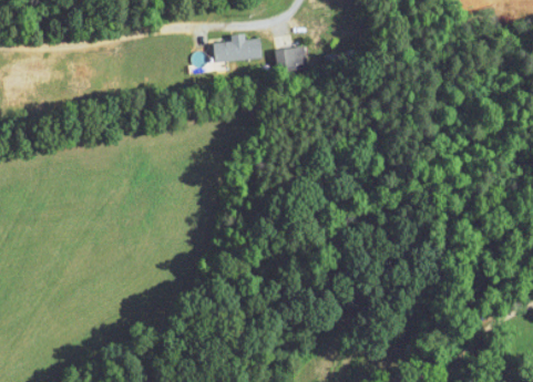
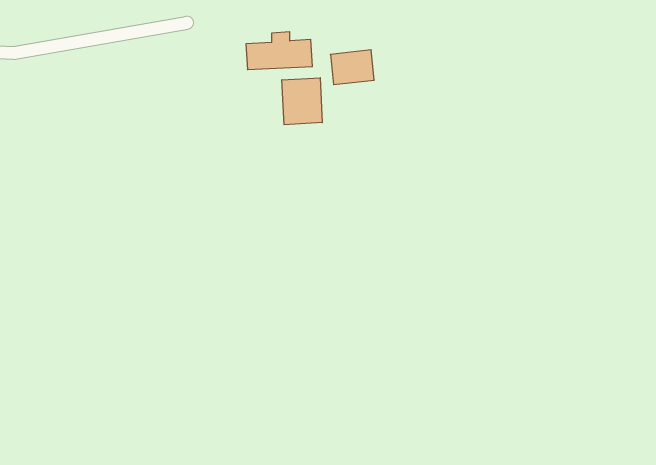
building: none -> [282,78,322,125]

